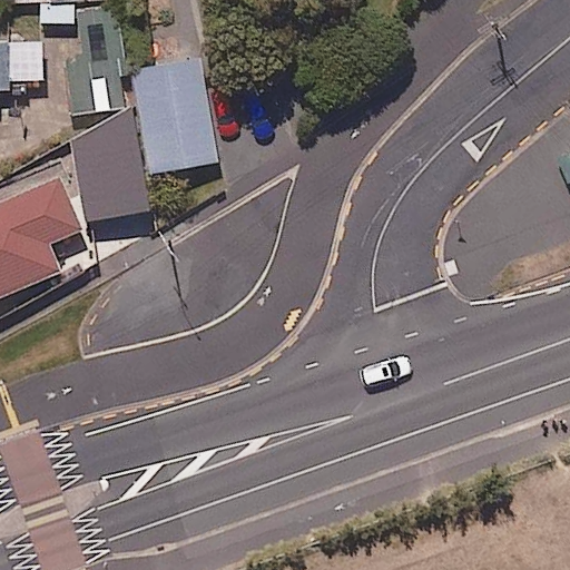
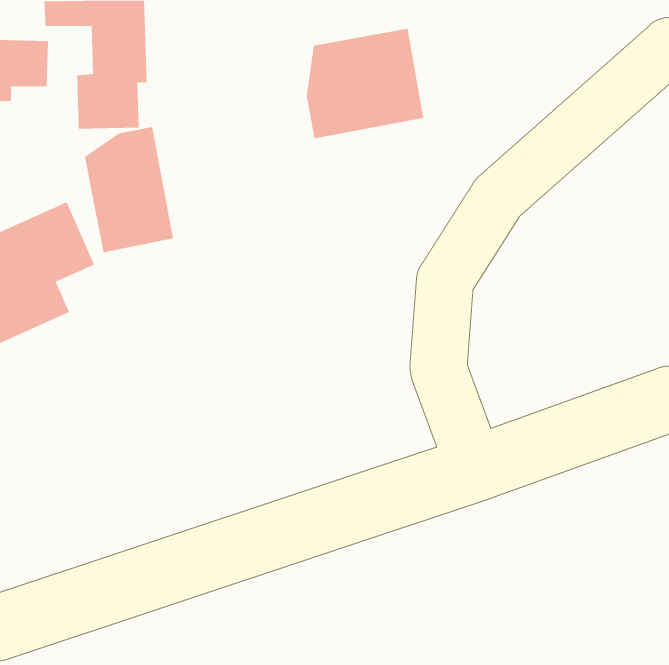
building: none -> [306,28,424,139]
building: [131,59,217,174] -> none

